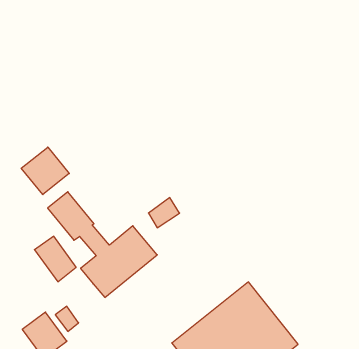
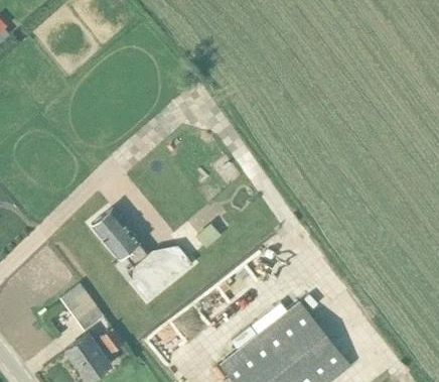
building: [21,147,69,195] -> none
building: [34,236,76,282] -> [59,283,103,331]

